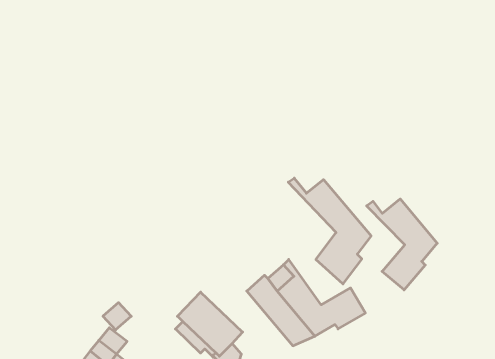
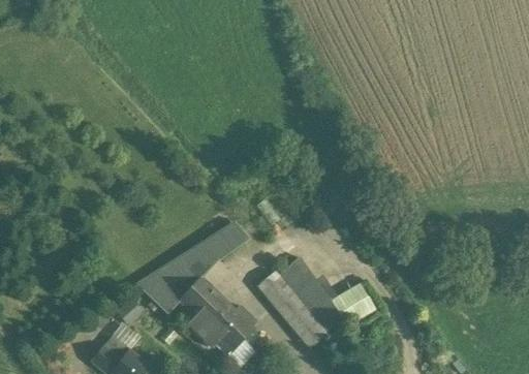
building: [288,178,371,284] -> none
building: [367,199,437,290] -> none
building: none -> [136,221,247,313]

